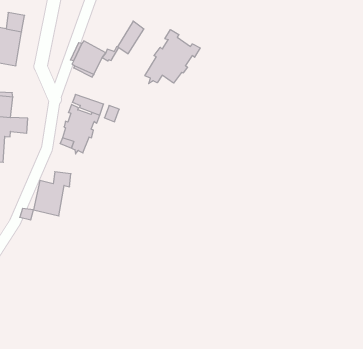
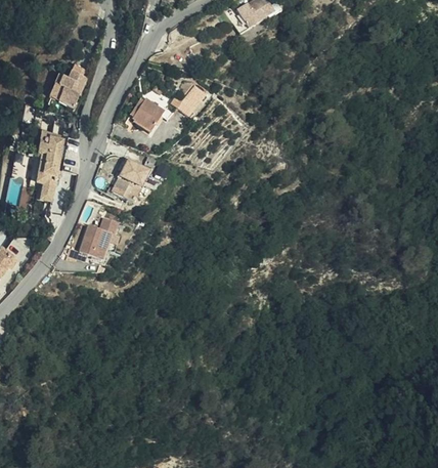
building: [145,30,200,84] -> none

